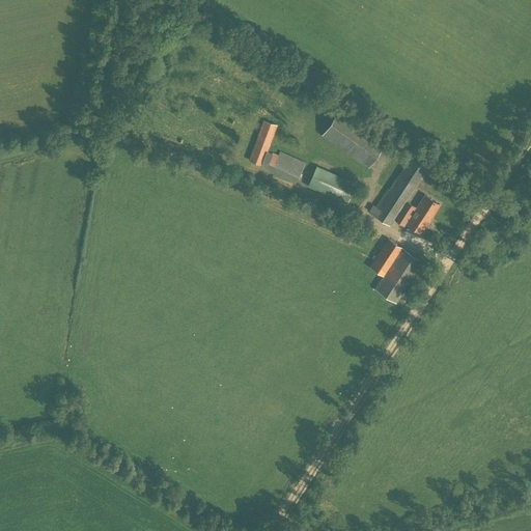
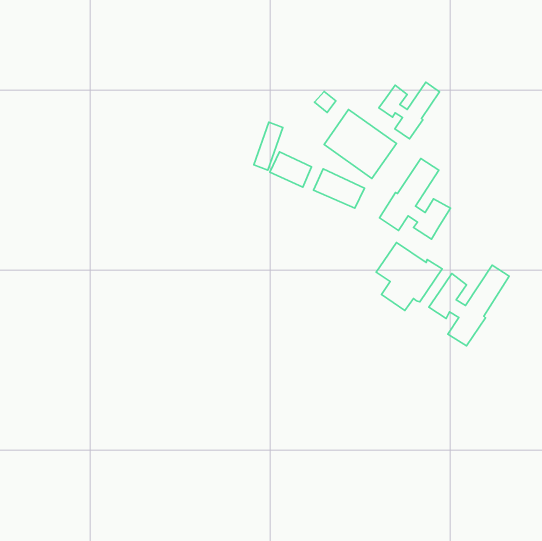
building: none -> [379,82,440,139]
building: none -> [429,265,509,346]

